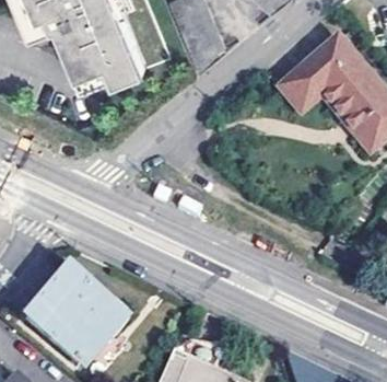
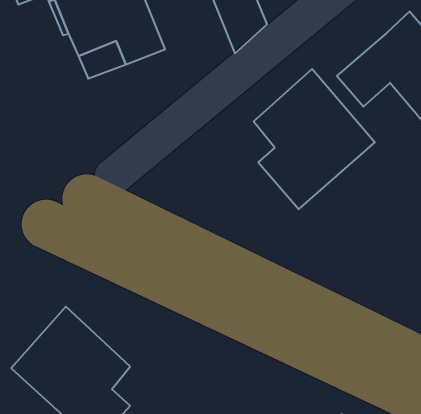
building: none -> [254,69,375,209]

